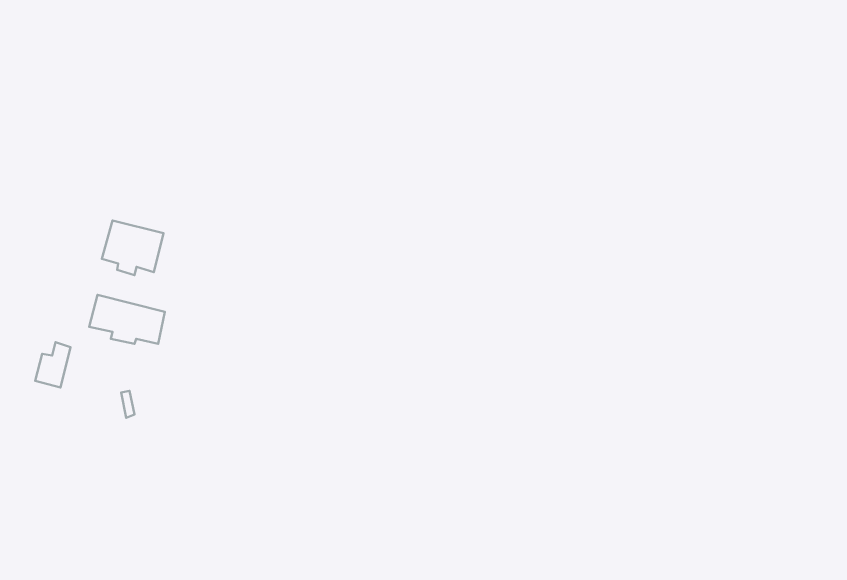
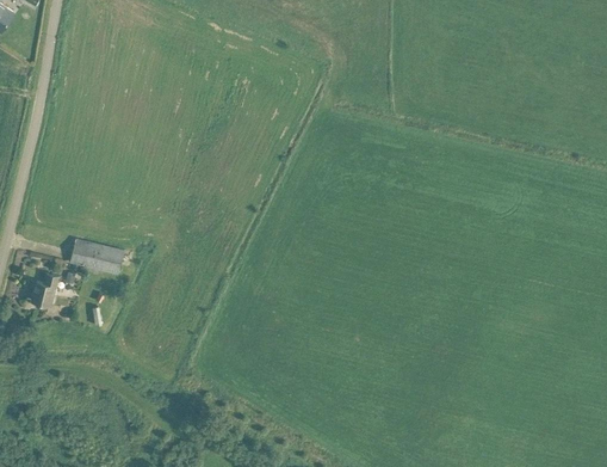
building: [102,220,163,275] -> none

